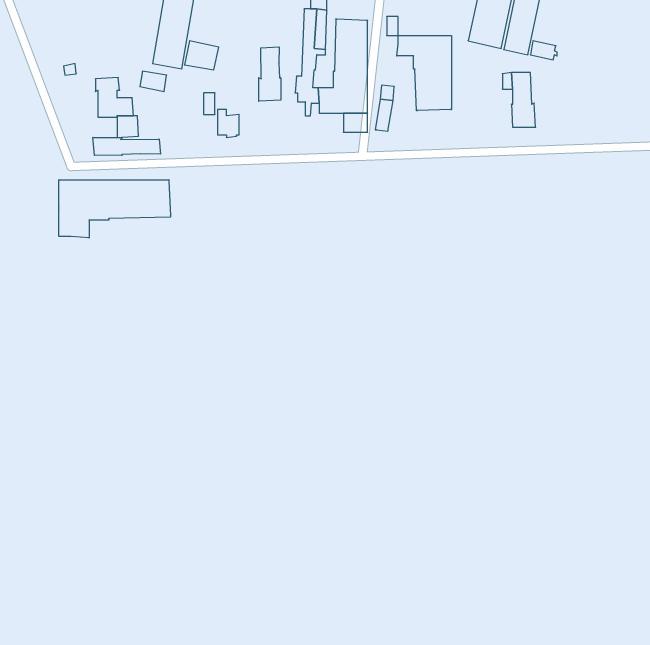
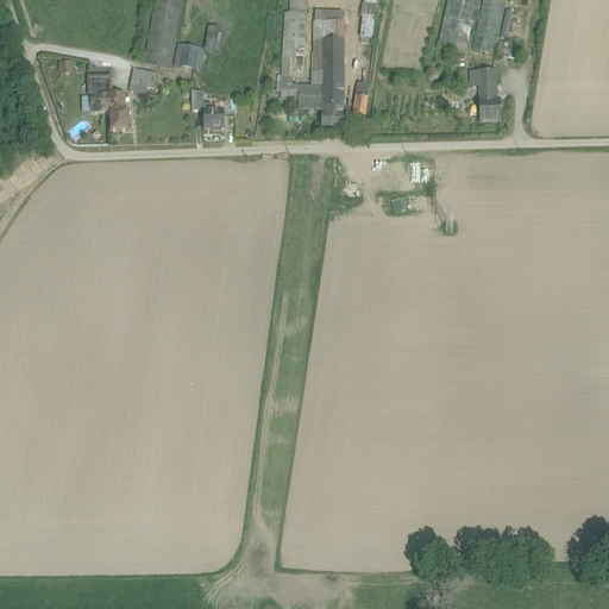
building: [397,36,451,111] -> none
building: [259,47,281,101] -> none
building: [93,137,160,155] -> none
building: [59,180,170,238] -> none

